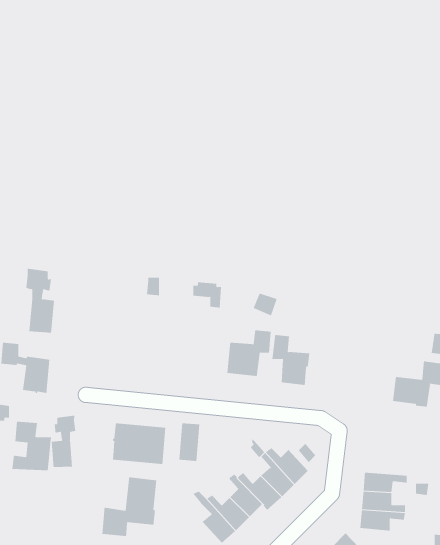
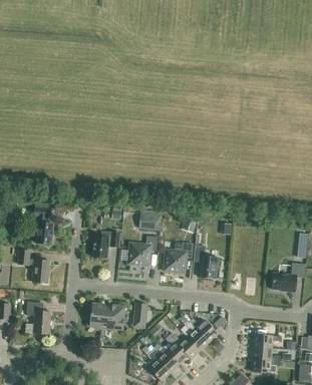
building: none -> [92,232,120,259]
building: none -> [128,237,158,266]
building: [51,415,76,468] -> none
building: [102,477,157,537] -> none

